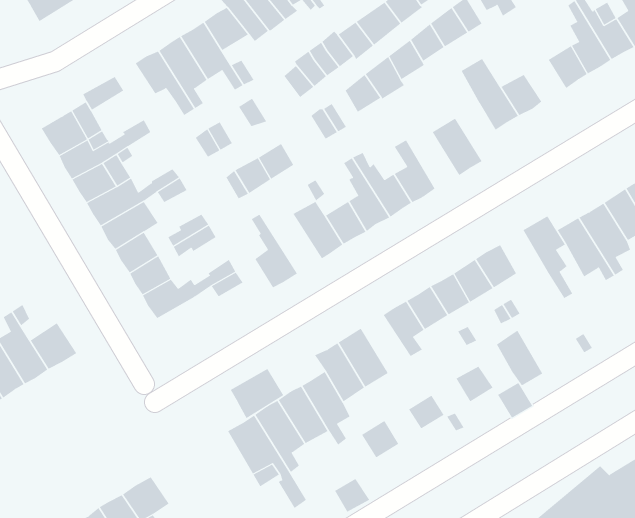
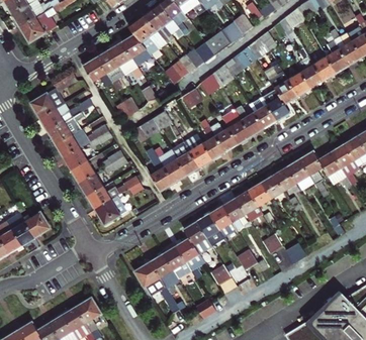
building: none -> [298,50,323,88]
building: none -> [261,89,289,121]
building: none -> [234,106,263,136]
building: none -> [152,146,186,184]
building: none -> [208,207,236,237]
building: [496,330,543,386] -> [286,159,312,191]
building: [230,368,284,419] -> [94,197,124,225]

